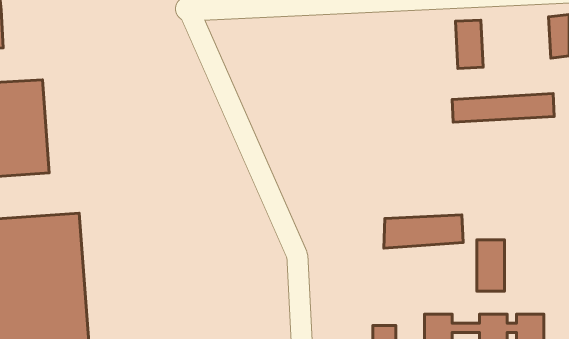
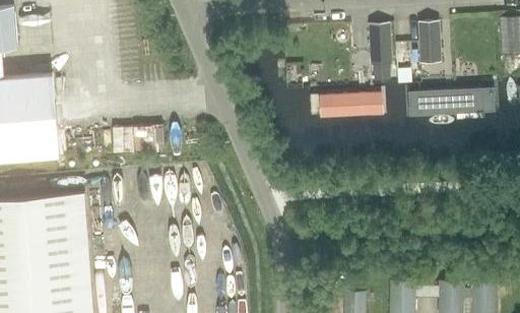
building: none -> [369,23,392,81]
building: [384,215,463,248] -> [325,91,395,121]
building: [477,240,504,291] -> none

